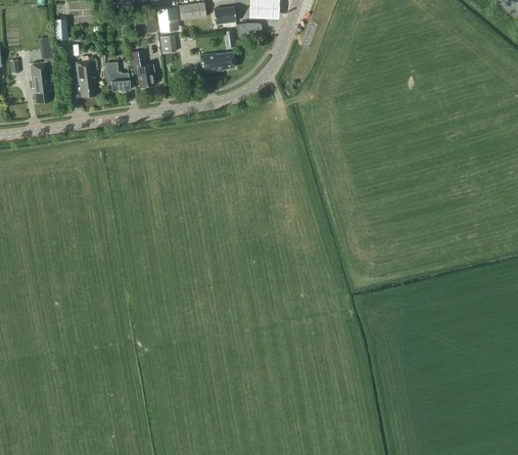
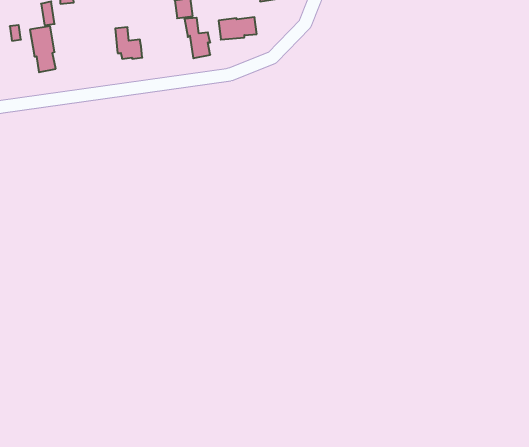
building: [131,50,154,87] -> [184,18,210,58]
building: [75,55,96,96] -> none

